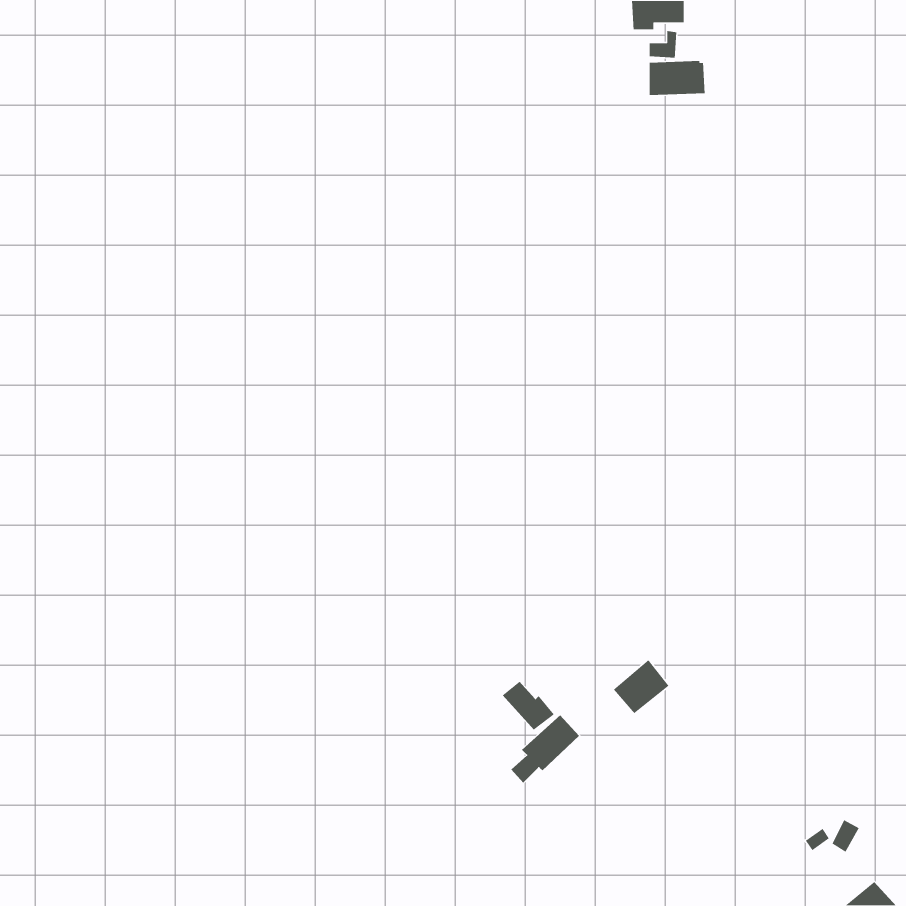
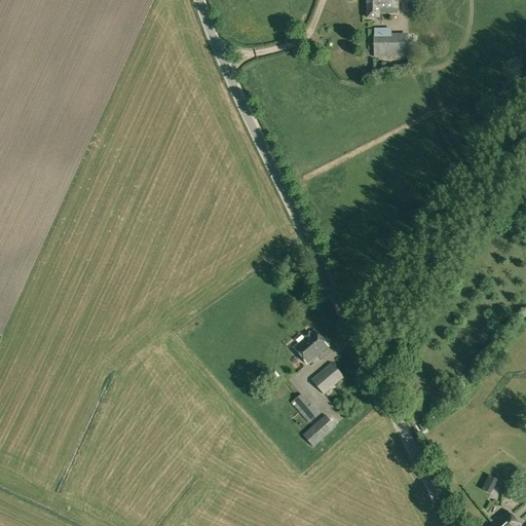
building: none -> [294,330,328,364]
building: [613,659,670,714] -> [311,362,344,393]

